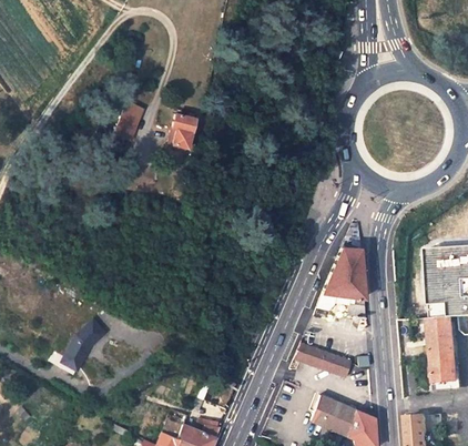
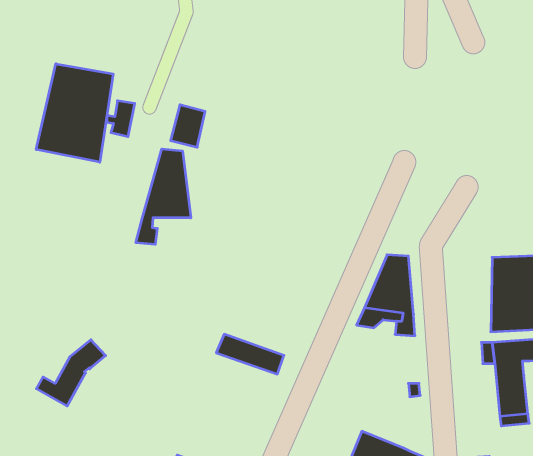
building: none -> [36,64,113,162]
building: none -> [136,149,191,244]
building: [293,343,349,376] -> [216,334,284,374]

